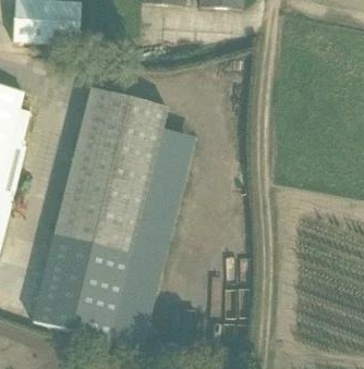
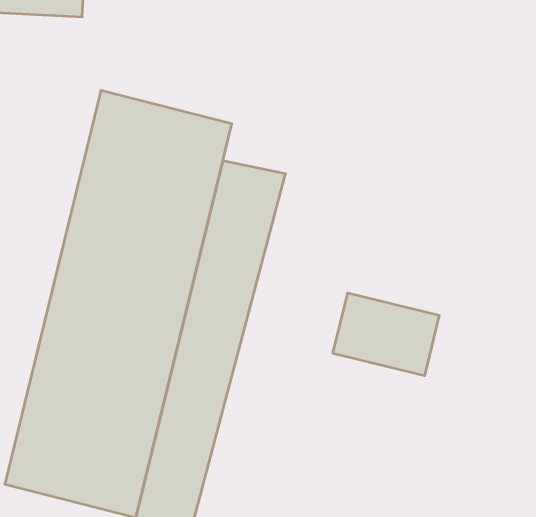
building: none -> [333,293,439,376]

